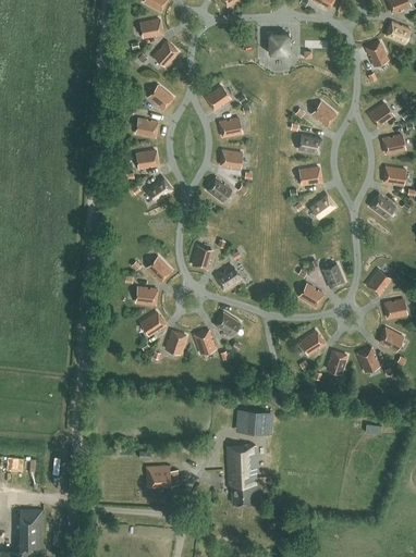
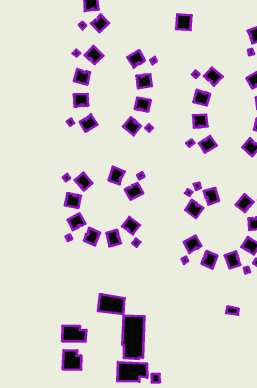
building: [237,408,272,432] -> [98,294,125,314]
building: none -> [63,350,81,370]
building: none -> [117,362,147,382]

